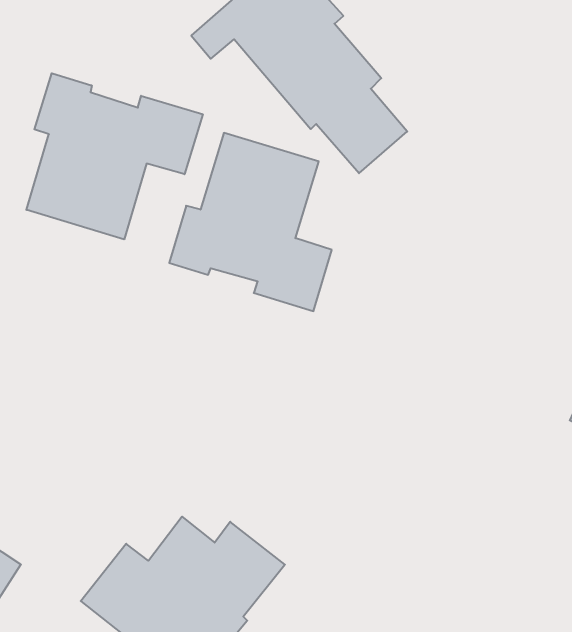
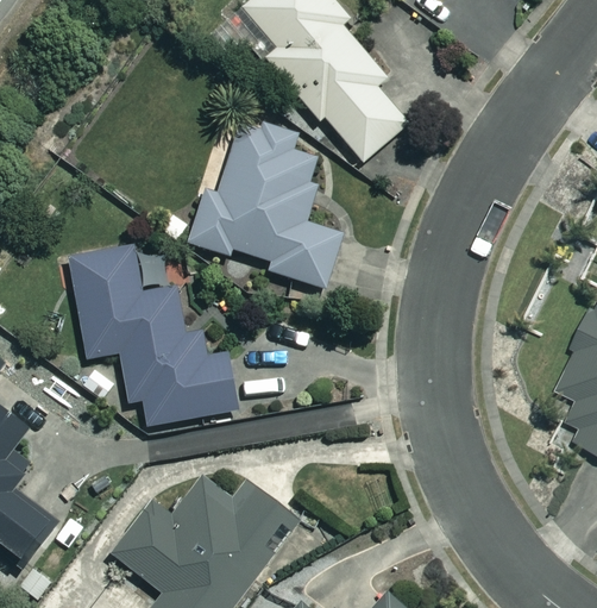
building: [26,73,203,239] -> none
building: none -> [69,243,238,424]

